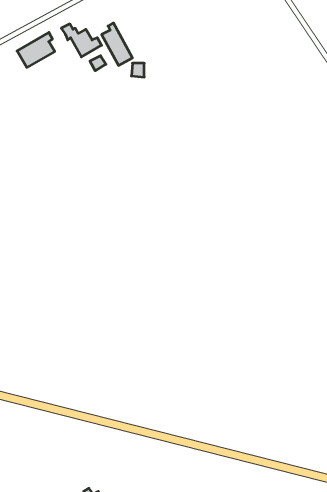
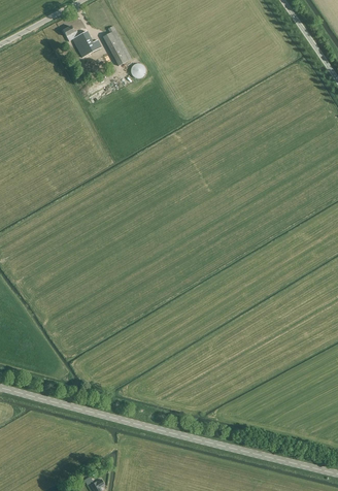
building: [17,32,55,67] -> none

